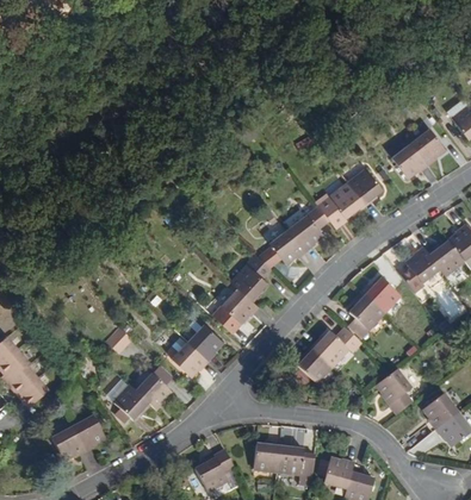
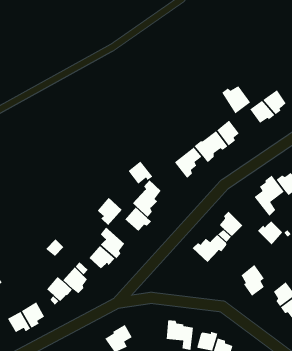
building: none -> [221,85,251,114]
building: [269,226,305,260] -> [128,160,154,185]
building: none -> [97,197,122,226]
building: [362,279,398,313] -> [257,220,283,246]
building: [299,344,334,381] -> none
building: [253,440,279,469] -> none

